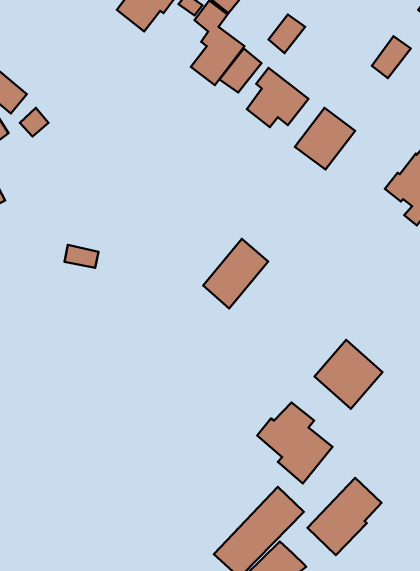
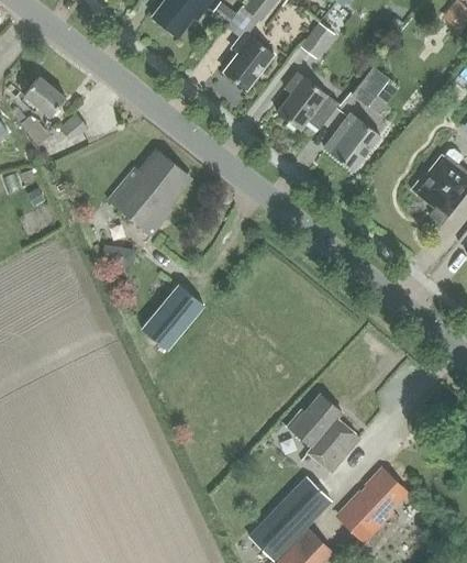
building: [372,36,411,78] -> [352,66,389,107]
building: [220,48,261,92] -> none
building: none -> [108,152,189,235]
building: [203,239,268,308] -> [140,283,202,350]
building: [314,340,383,409] -> none

